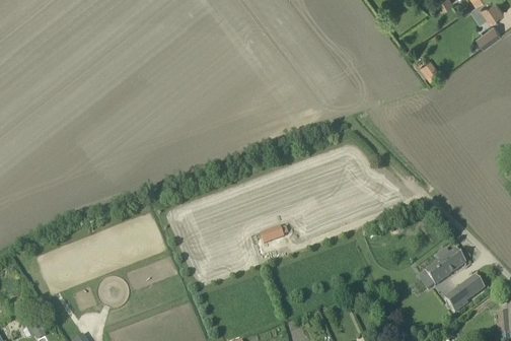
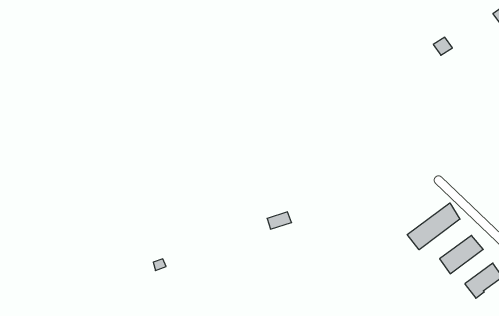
building: none -> [407,203,460,250]

